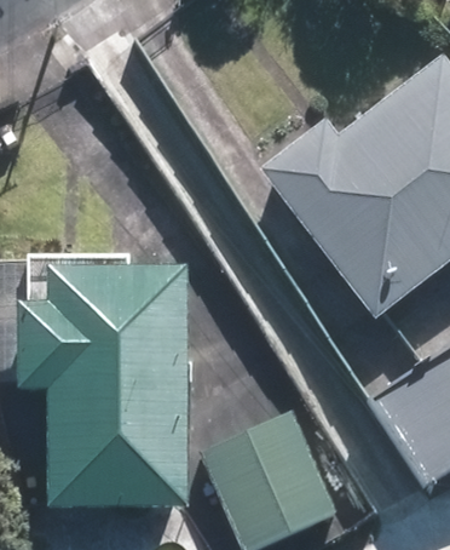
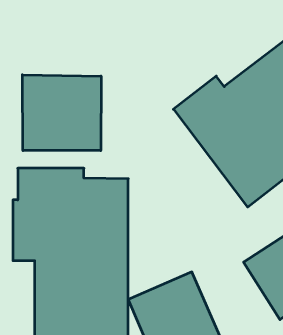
building: none -> [22,75,101,151]

